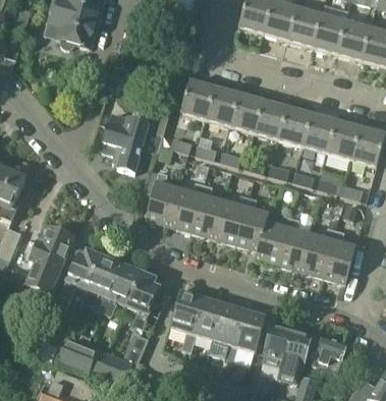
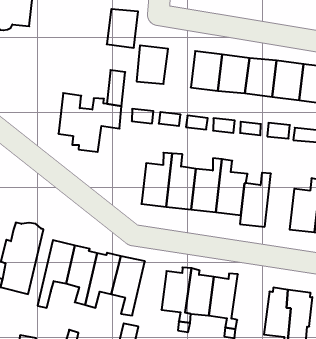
building: [205,87,238,125] -> [107,9,138,48]
building: [145,171,177,225] -> none
building: [277,216,310,270] -> none
building: [233,303,266,350] -> none

